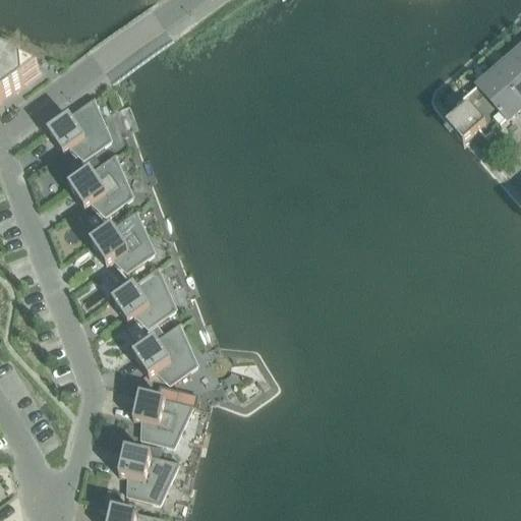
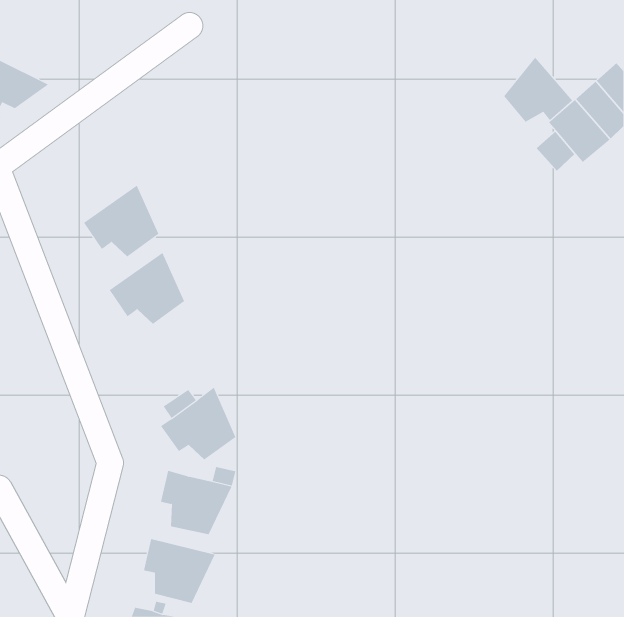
building: none -> [503,57,573,123]
building: [48,97,111,158] -> none
building: [112,266,175,326] -> none

